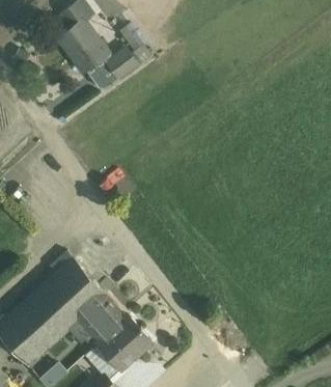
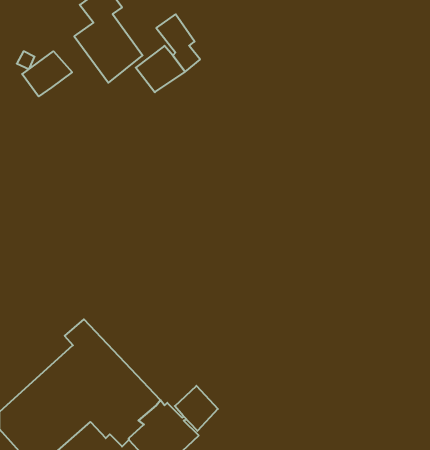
building: none -> [22,51,72,96]
building: none -> [175,386,218,431]

